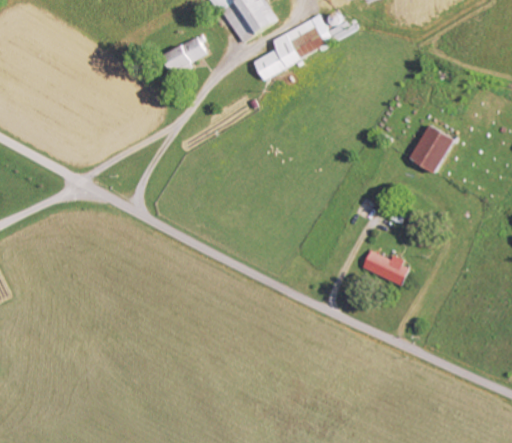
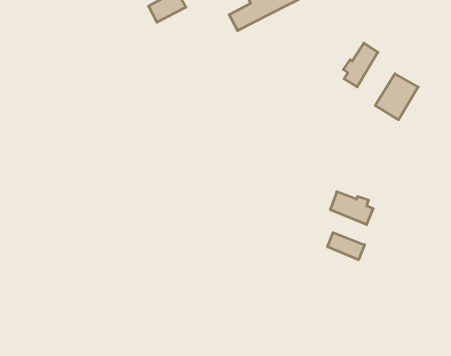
building: none -> [343,43,378,87]
building: none -> [328,233,365,260]

